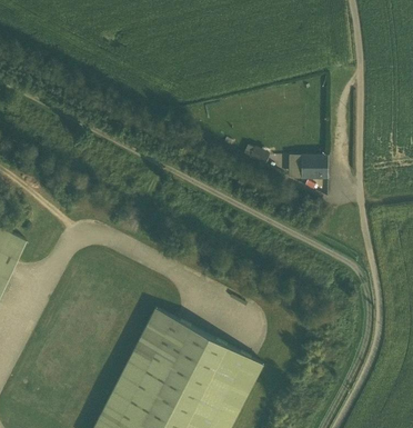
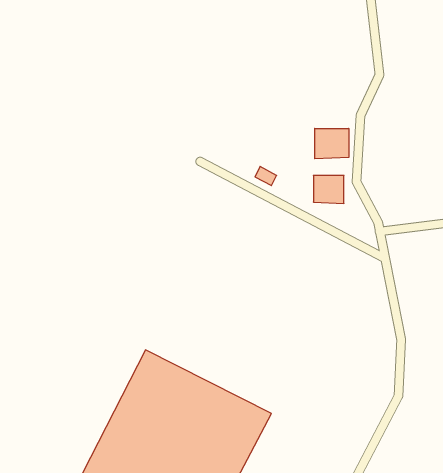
building: none -> [315,128,349,159]

